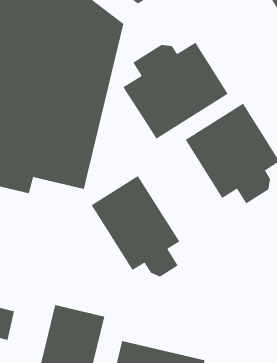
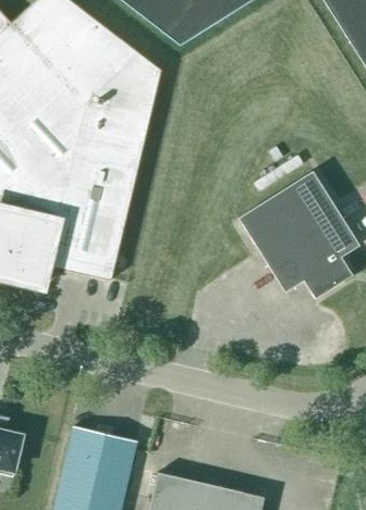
building: [123,42,228,139] -> none
building: [91,175,180,278] -> none

